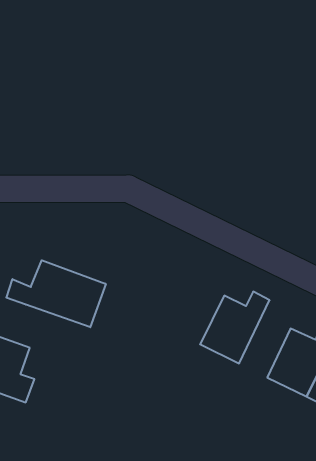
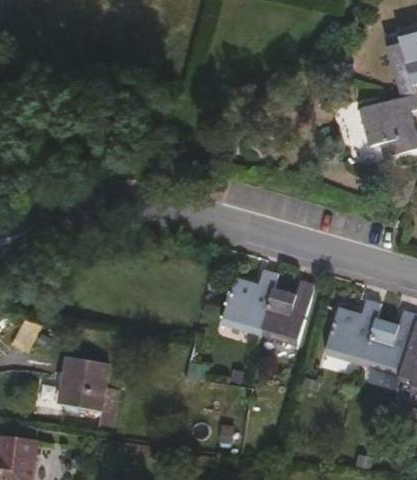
building: [6,260,106,327] -> none
building: none -> [223,269,277,334]

